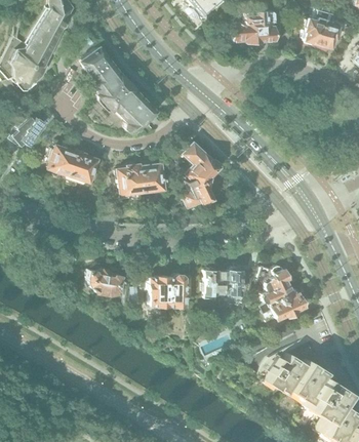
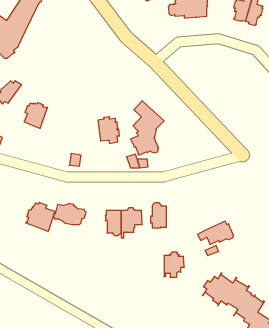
building: [83,48,157,132] -> none
building: [69,149,98,185] -> none
building: [116,162,143,199] -> none
building: [257,267,292,303] -> none
building: none -> [26,202,55,232]
building: [224,268,248,298] -> [164,252,184,277]

